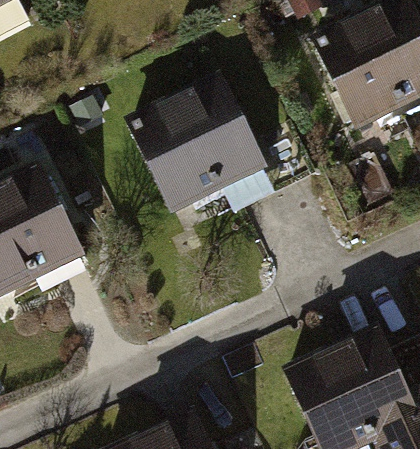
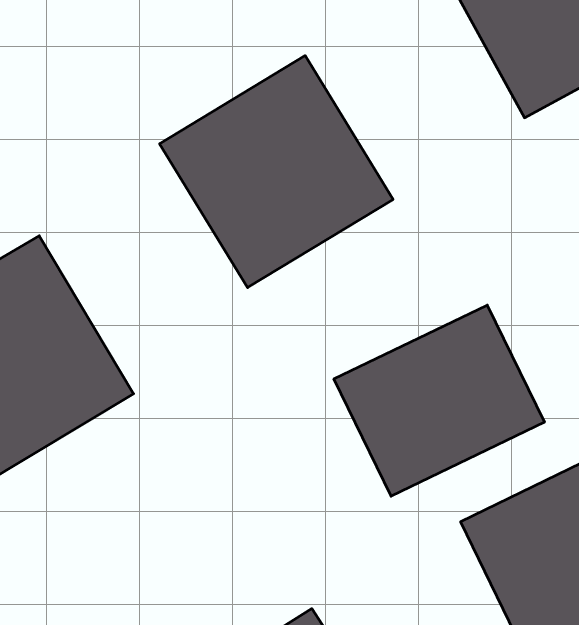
building: none -> [334,305,544,496]

